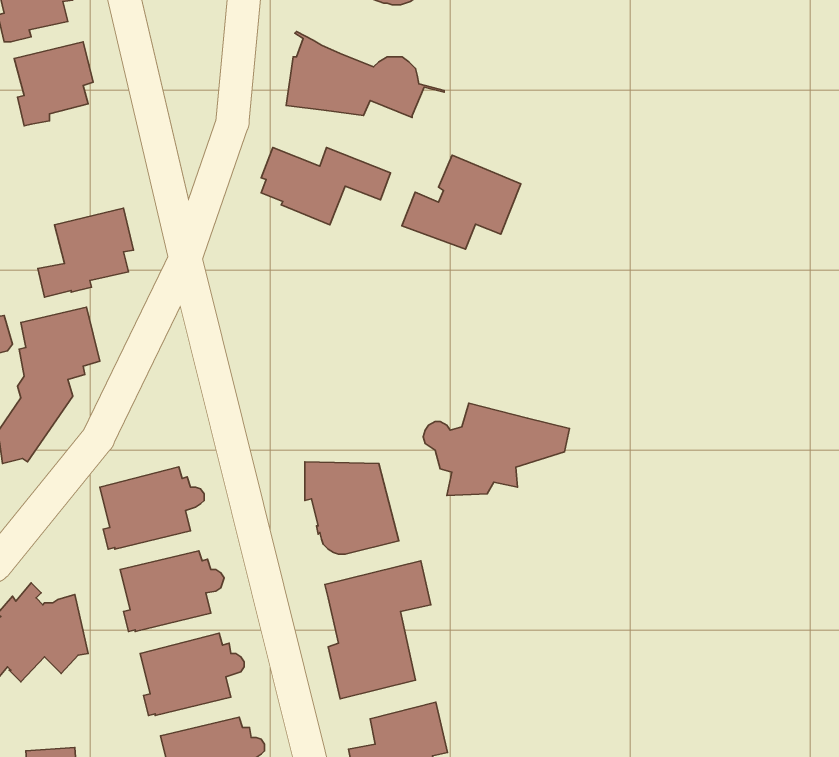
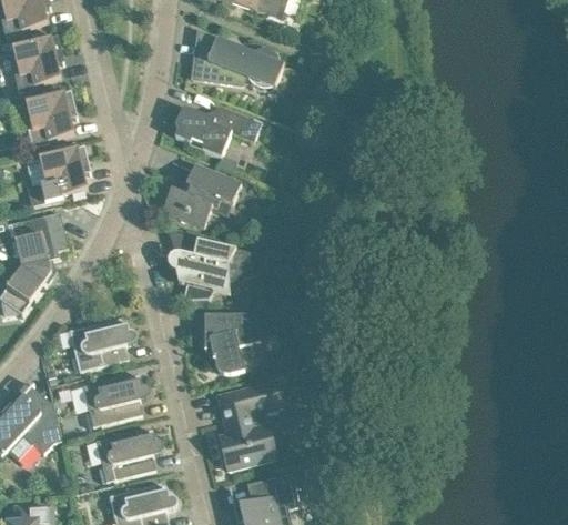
building: none -> [24,91,77,147]
building: [402,155,521,249] -> [161,163,240,225]
building: [423,403,569,496] -> [166,238,263,299]

